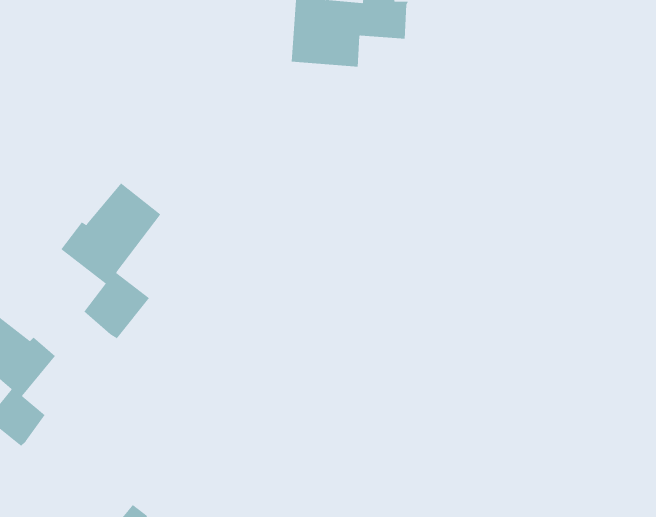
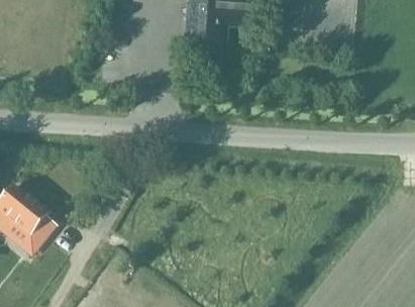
building: [60,183,161,339] -> none

